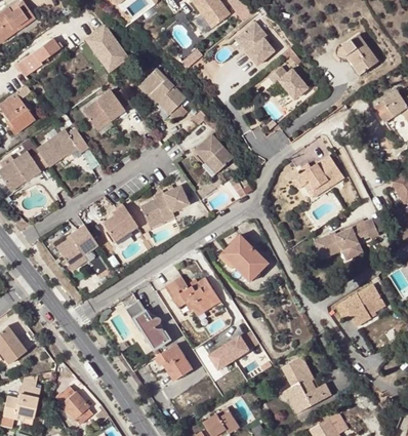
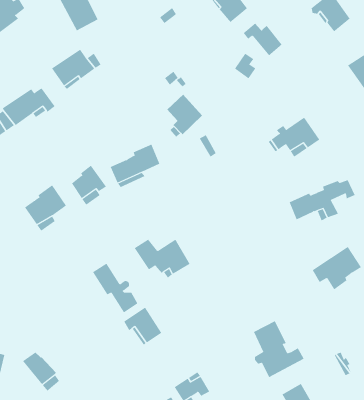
building: [142,69,188,121] -> none
building: [220,235,268,282] -> none
building: [207,330,257,370] -> none

